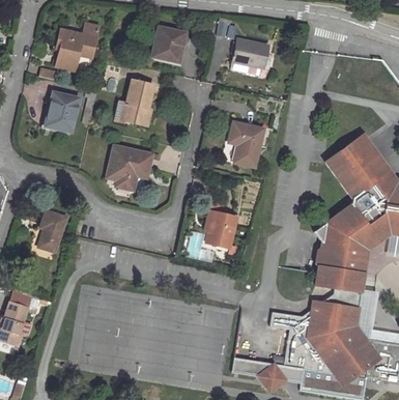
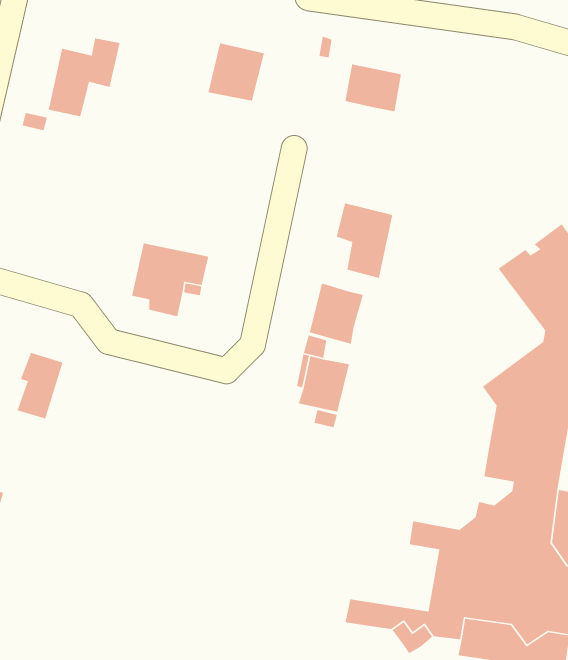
building: [122,80,153,124] -> none
building: [48,92,78,132] -> none
building: none -> [309,283,364,345]

